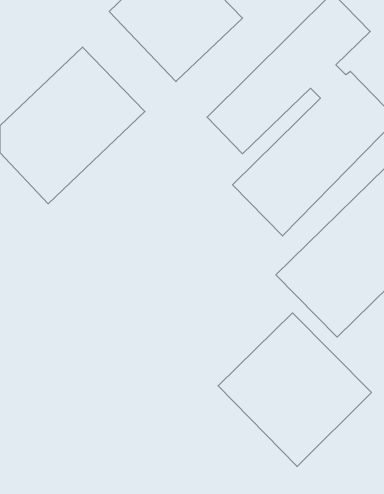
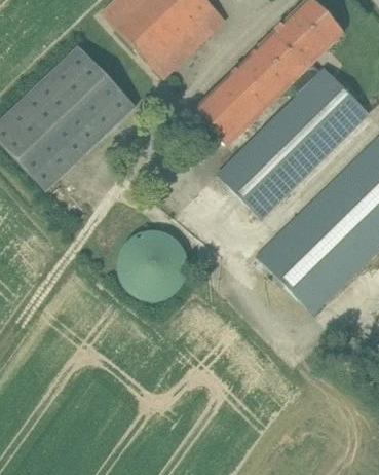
building: none -> [117,230,188,301]
building: [218,313,371,467] -> none

